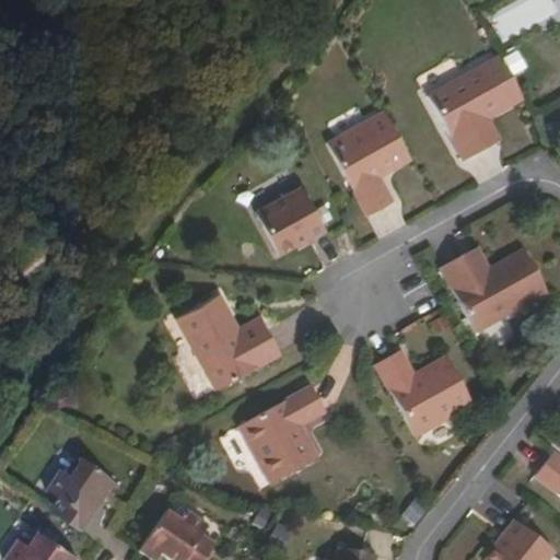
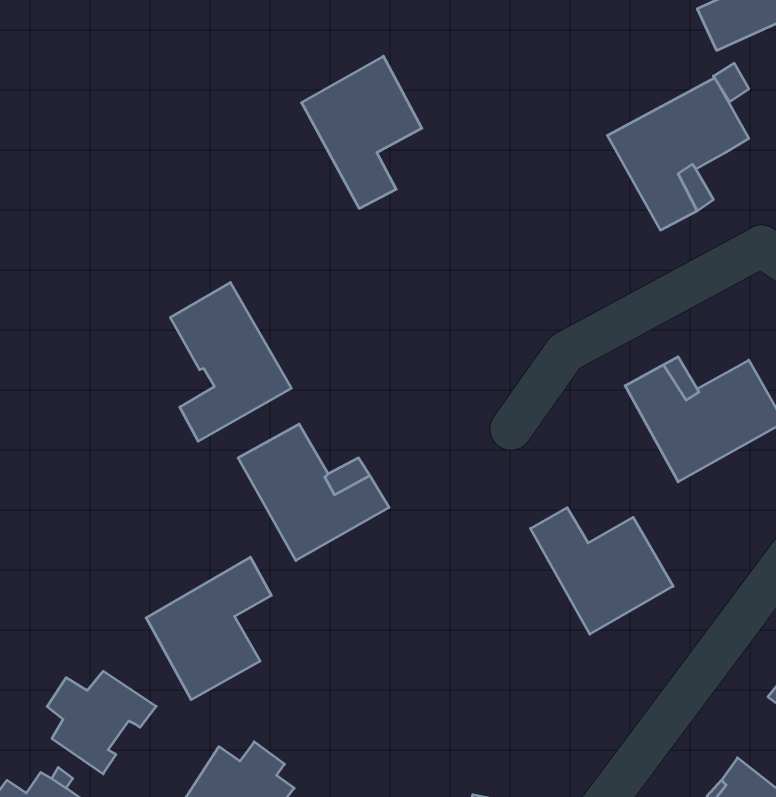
building: [329,109,411,213] -> [301,56,422,208]
building: [256,186,326,252] -> none
building: none -> [170,282,291,441]
building: [241,385,326,482] -> [146,557,271,700]

